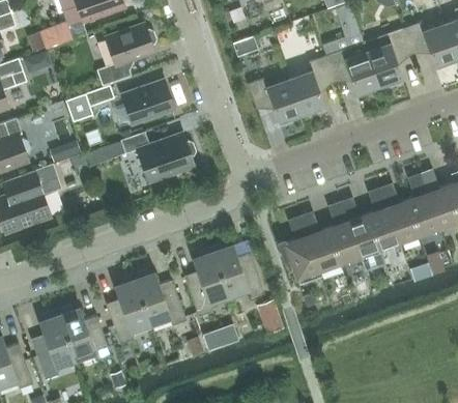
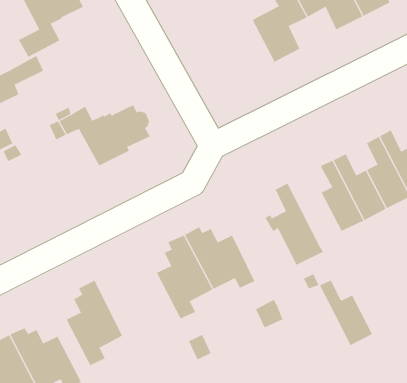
building: [247,78,303,125] -> none
building: [121,80,174,123] -> none
building: [300,213,339,269] -> [319,280,373,346]
building: [133,269,185,325] -> none

